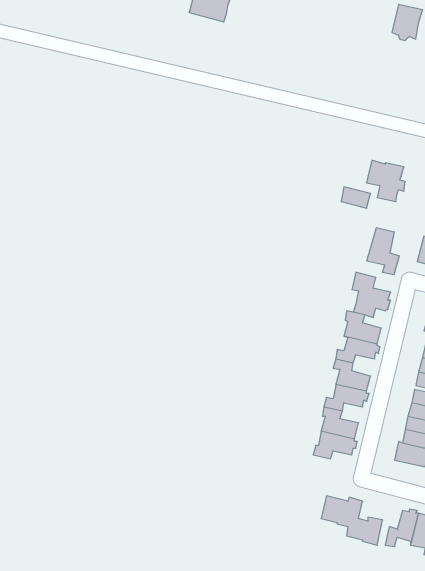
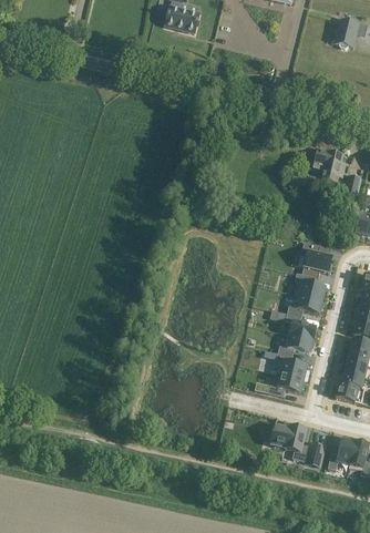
building: [367,228,399,275] -> none

